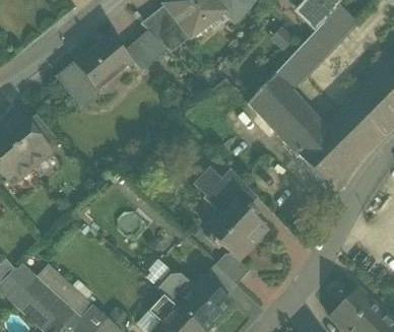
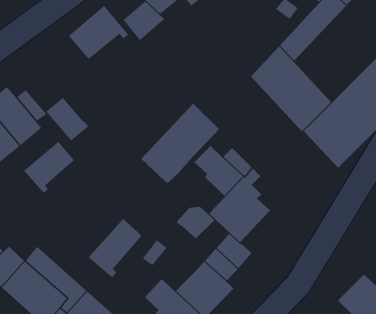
building: [59,63,101,106] -> [45,97,89,142]
building: none -> [141,103,220,184]
building: none -> [23,141,74,194]
building: none -> [88,218,142,278]
building: [158,274,196,306] -> [175,206,215,239]

